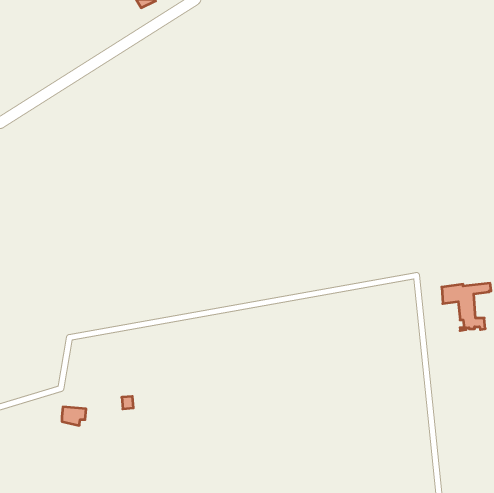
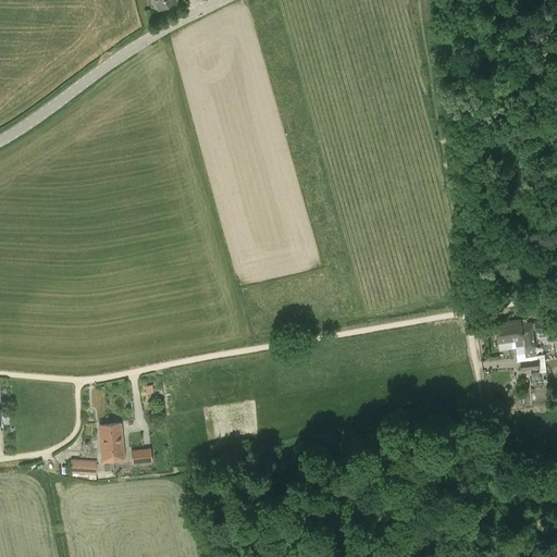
building: none -> [99,422,124,469]

